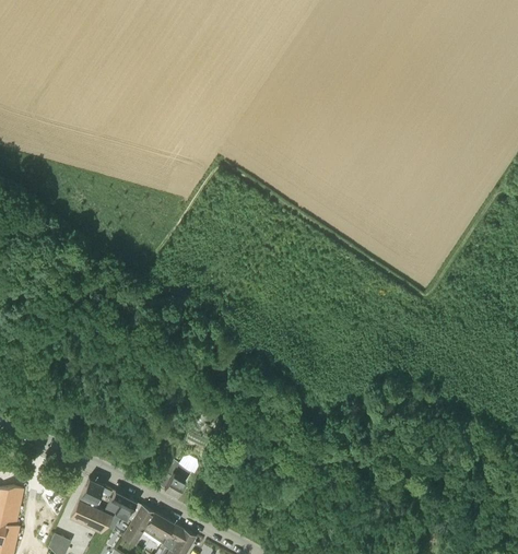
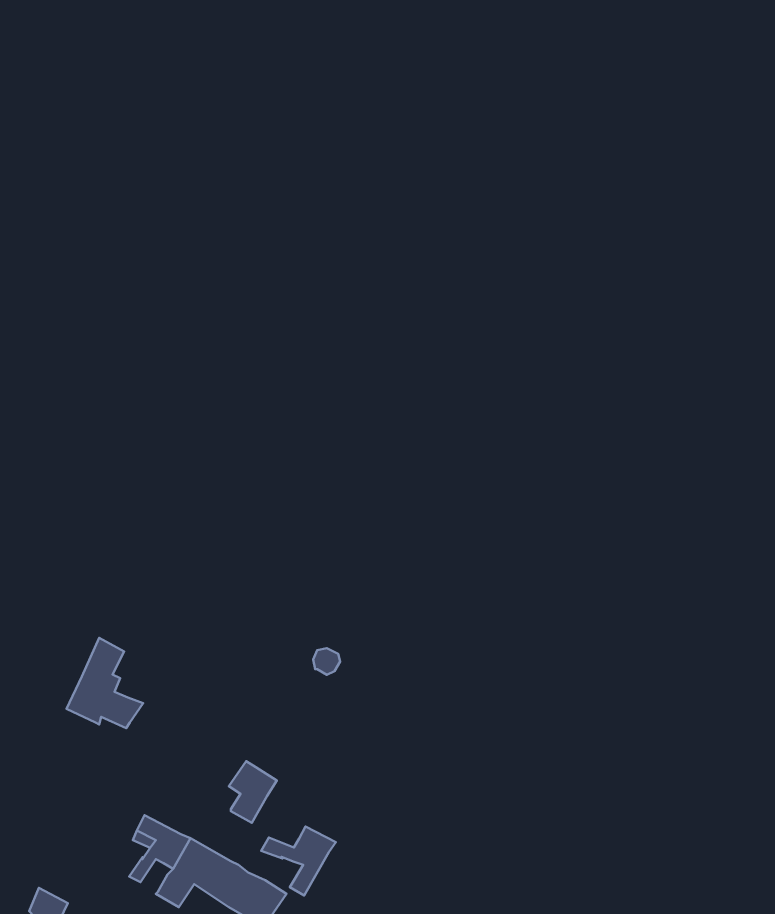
building: [70,480,114,531] -> [67,638,143,728]
building: none -> [261,826,336,896]

